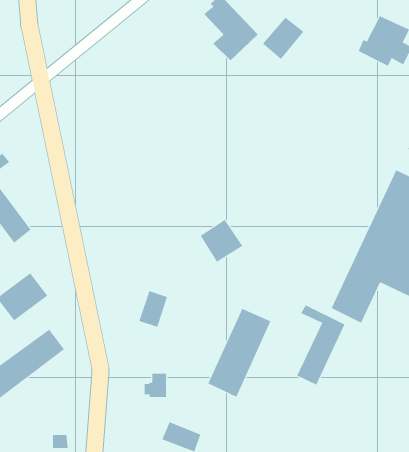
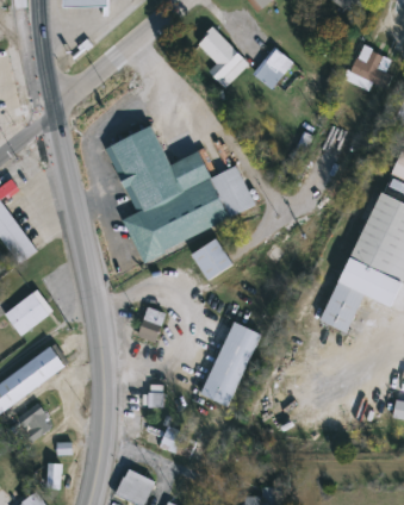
building: none -> [106,127,257,264]
building: [296,305,345,386] -> none
building: none -> [17,400,51,441]

